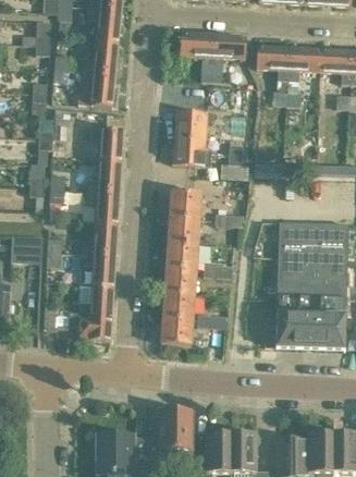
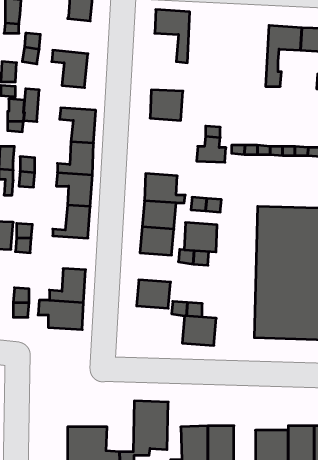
building: [211,34,246,83] -> none
building: [82,40,118,74] -> none
building: [256,46,290,106] -> none
building: [173,136,211,167] -> none
building: [81,249,115,282] -> none
building: [164,266,196,294] -> [184,223,217,252]
building: [160,317,193,345] -> [182,316,216,345]

